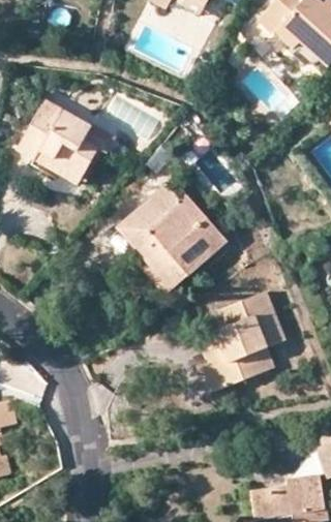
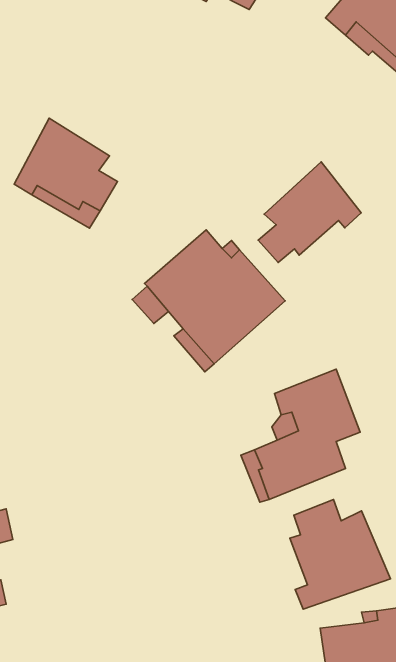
building: none -> [258,162,361,263]
building: none -> [290,500,390,609]

